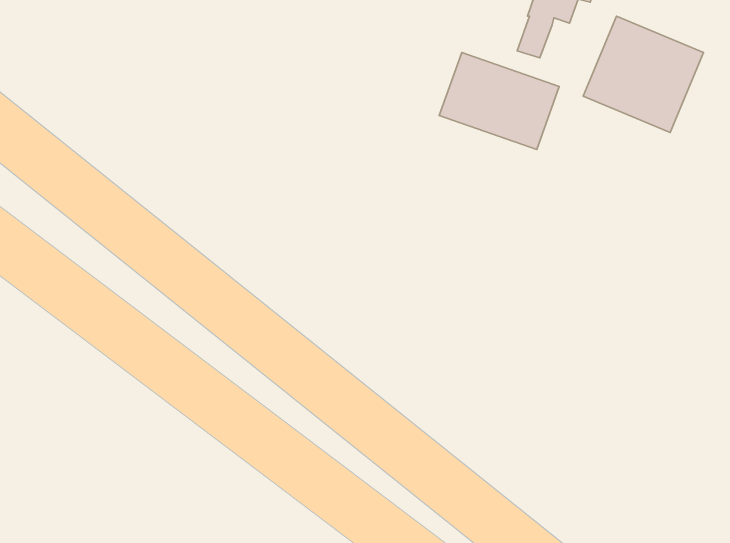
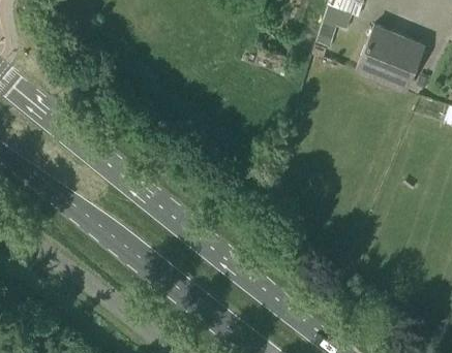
building: [439,53,559,149] -> none

